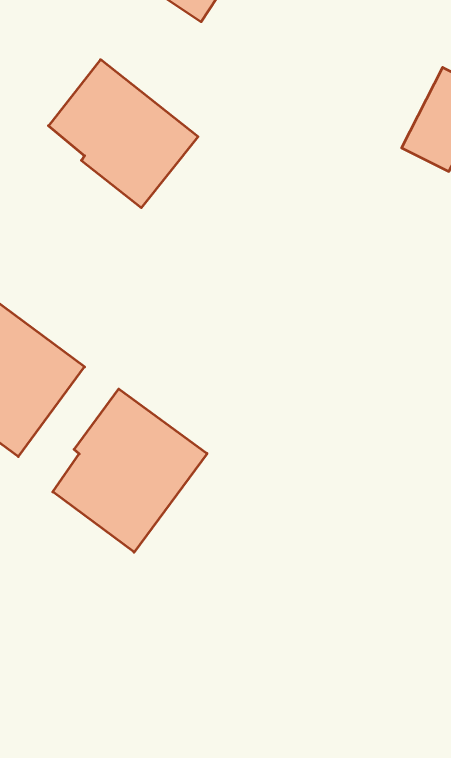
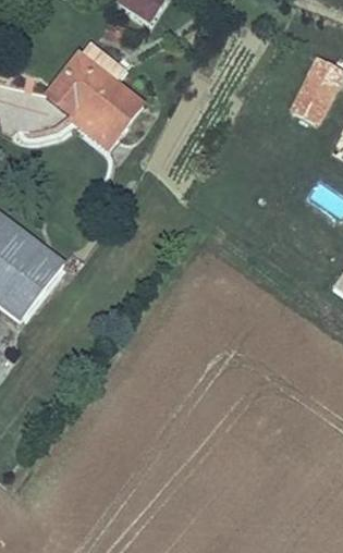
building: [53,389,207,552] -> none

